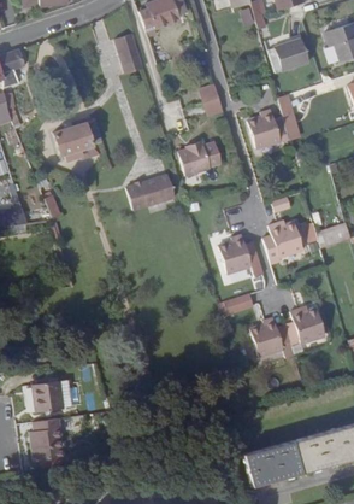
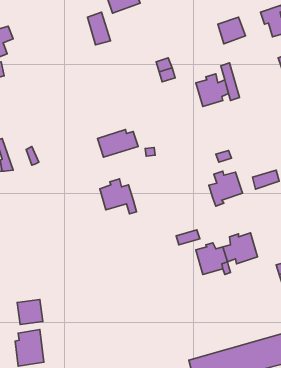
building: [53,121,101,162] -> none
building: [178,142,222,177] -> none
building: [219,238,264,280] -> [100,179,137,214]

